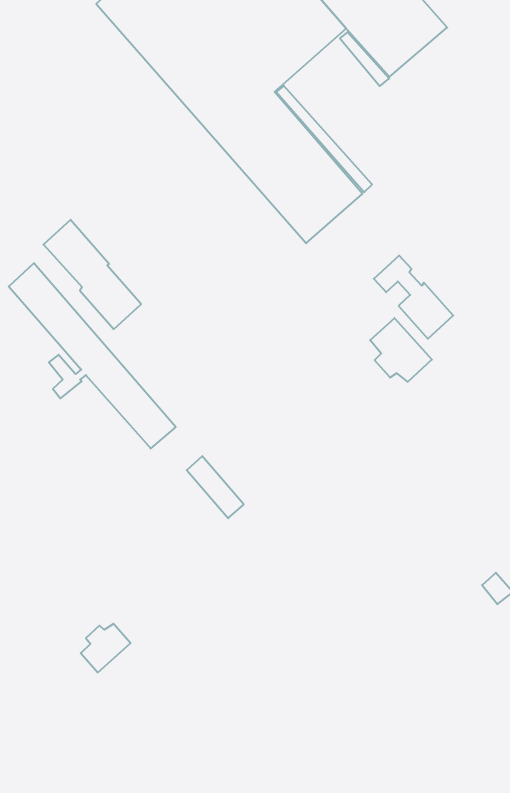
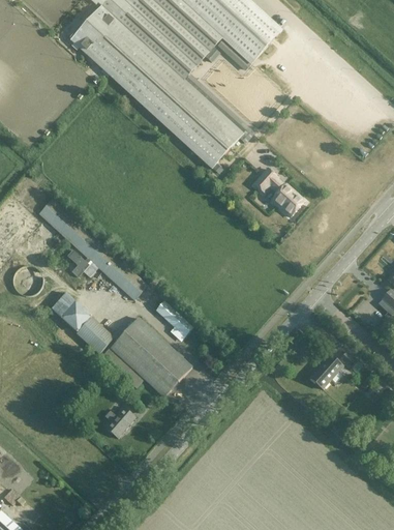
building: [43,220,141,329] -> [52,292,114,354]
building: [370,318,432,382] -> none
building: none -> [102,318,191,398]
building: none -> [309,354,343,388]

